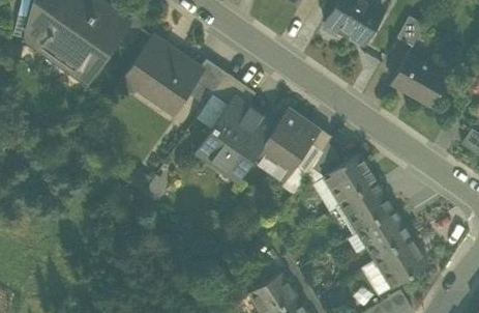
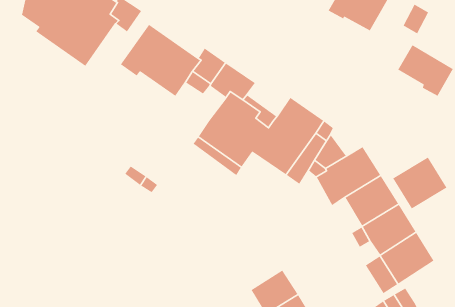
building: [194,96,226,130] -> none
building: none -> [392,157,448,209]

